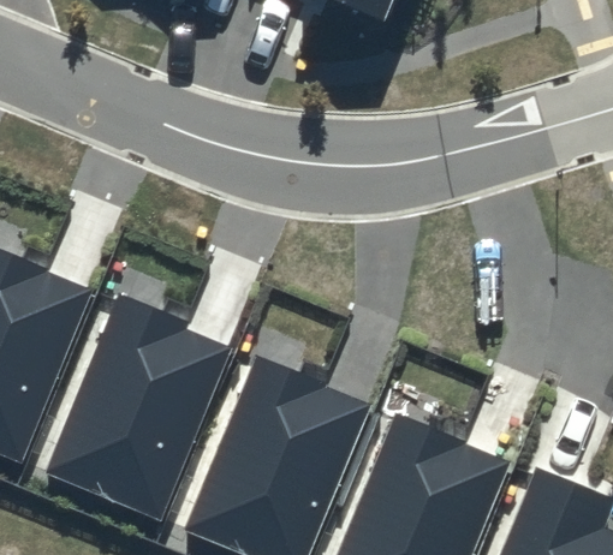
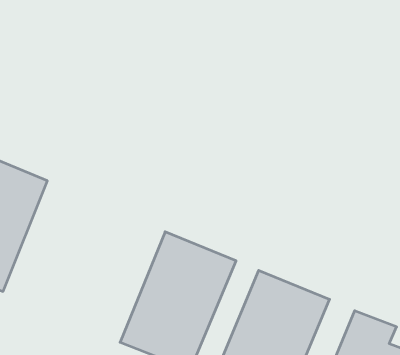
building: [48,308,221,515] -> none

